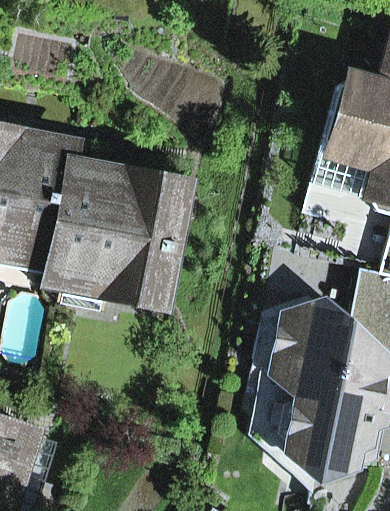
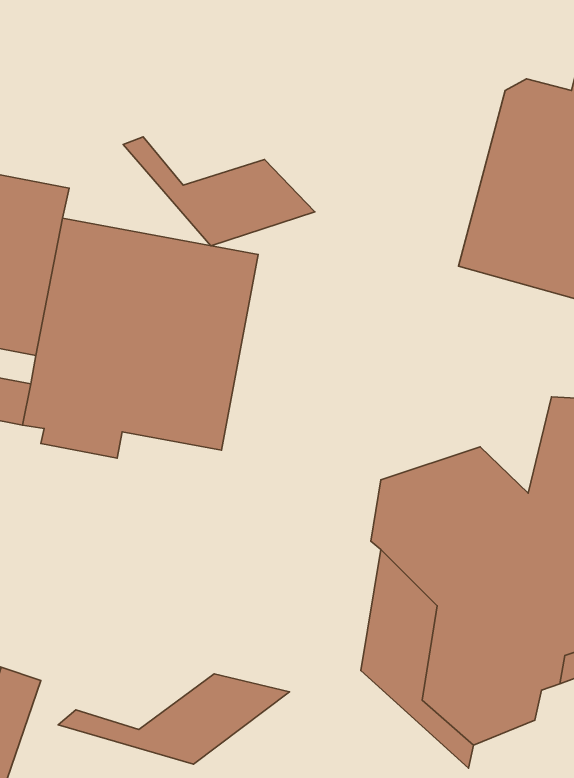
building: none -> [123,137,315,246]
building: none -> [58,674,289,764]

